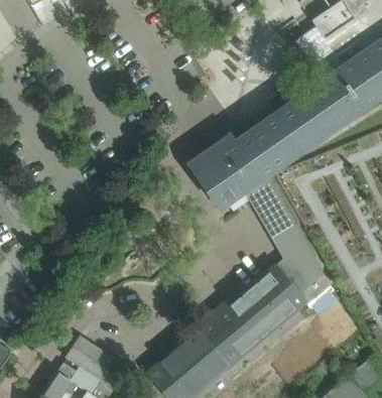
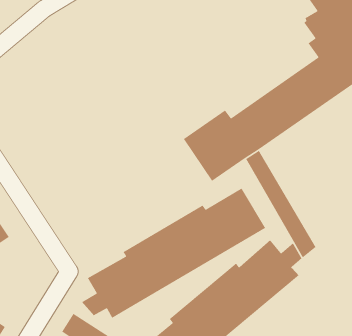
building: none -> [81,188,266,319]

